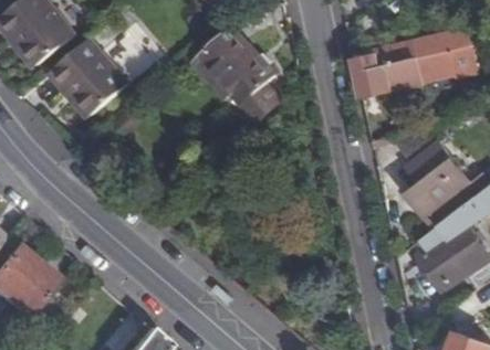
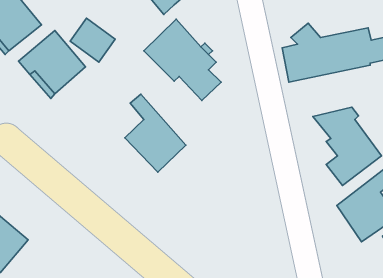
building: none -> [125,94,186,172]

